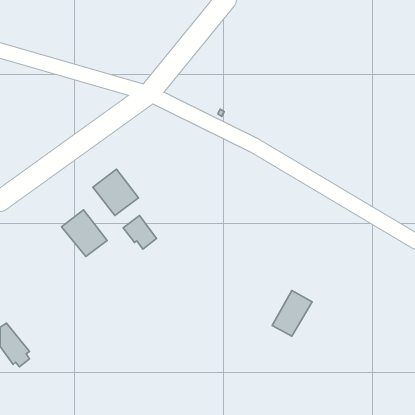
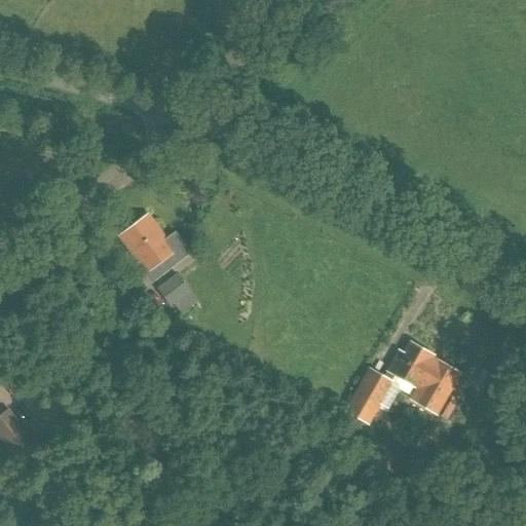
building: [61,210,107,257] -> none
building: none -> [389,343,461,413]

